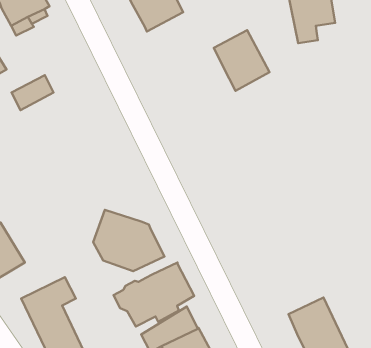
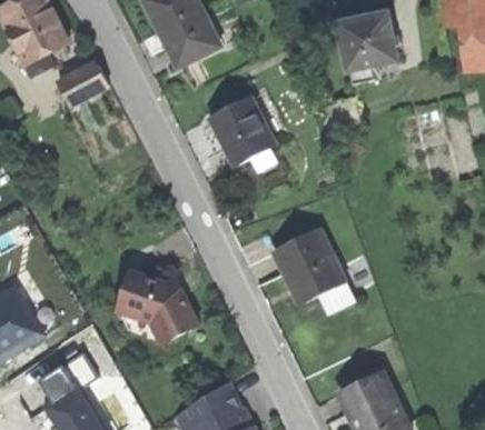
building: [214,30,270,91] -> [212,98,276,167]
building: [12,75,54,110] -> [58,63,106,103]
building: none -> [275,229,353,313]
building: [113,262,194,326] -> none

